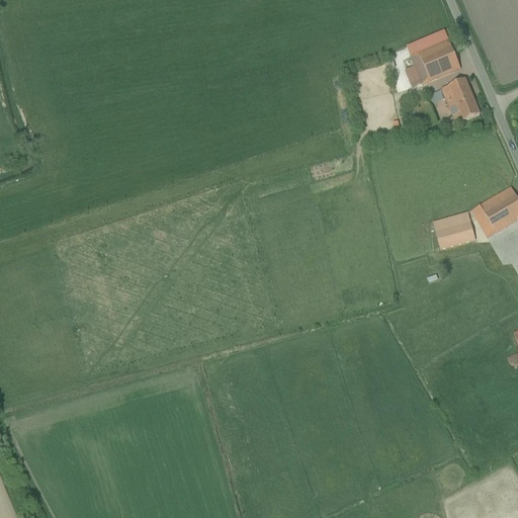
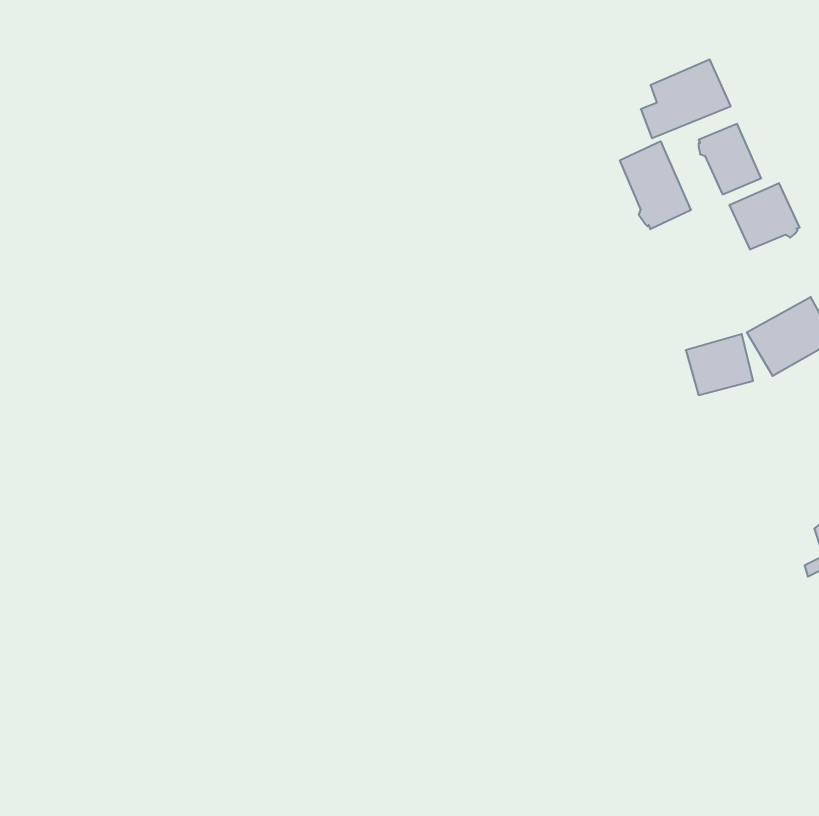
building: none -> [620,141,691,229]
building: none -> [730,183,800,250]

